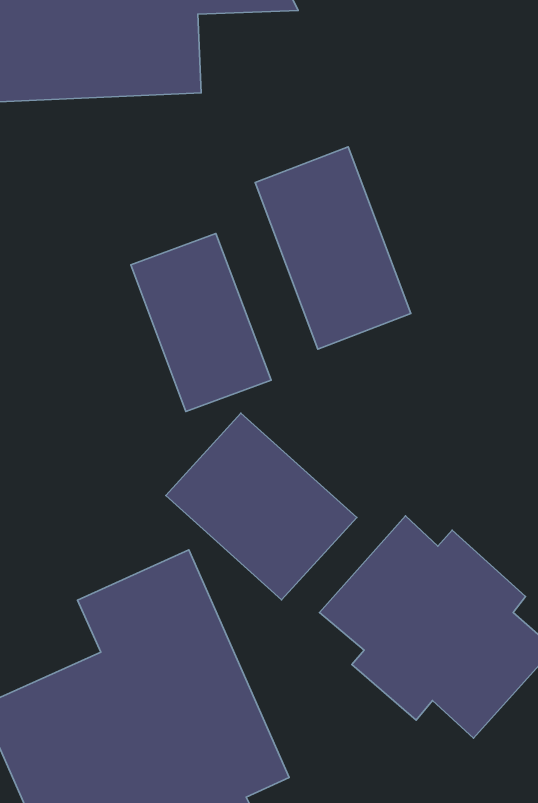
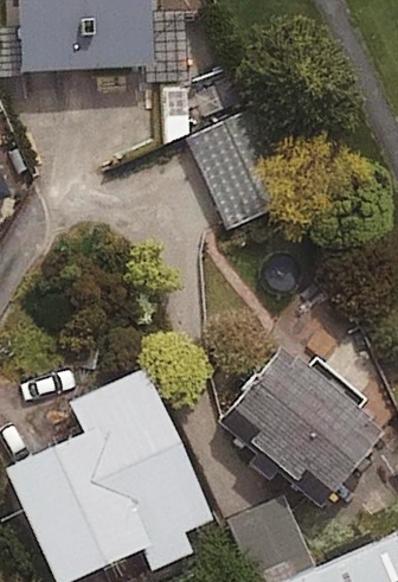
building: [131,234,271,411] -> none
building: [166,413,357,600] -> none

